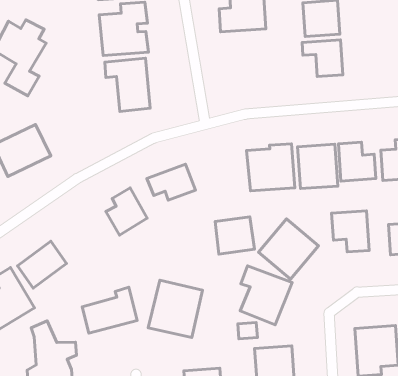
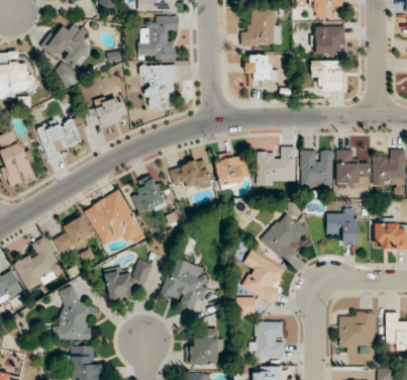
building: none -> [244,55,278,88]
building: none -> [83,94,129,130]
building: none -> [84,190,142,246]
building: [215,217,255,254] -> [216,154,248,184]

